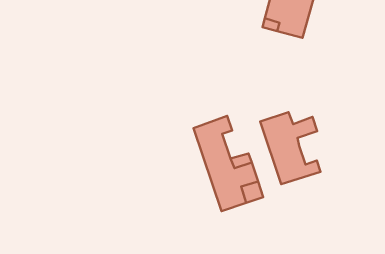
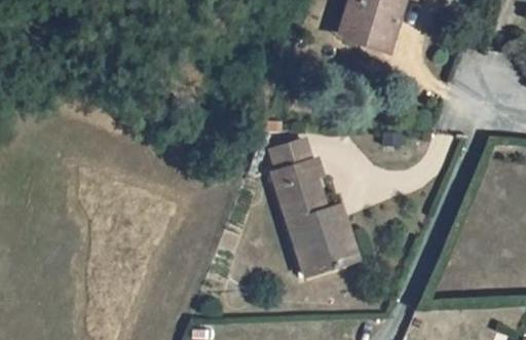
building: [260,112,321,184] -> none

